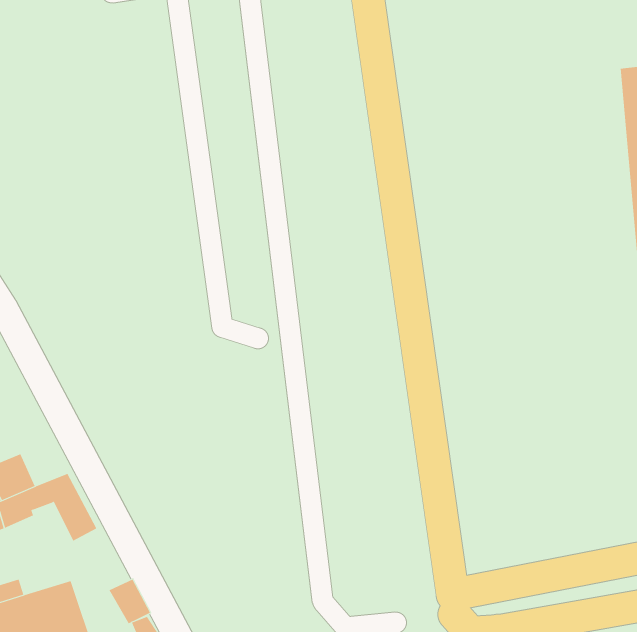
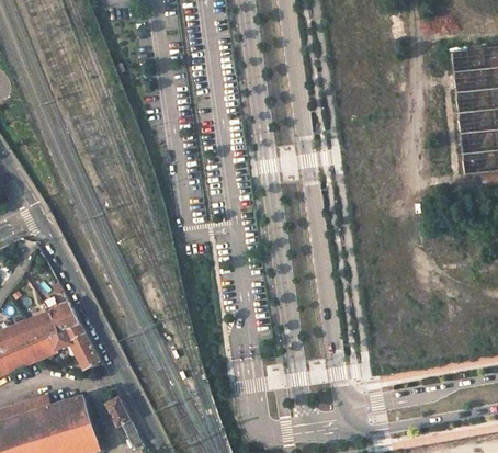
building: none -> [47,302,79,332]

